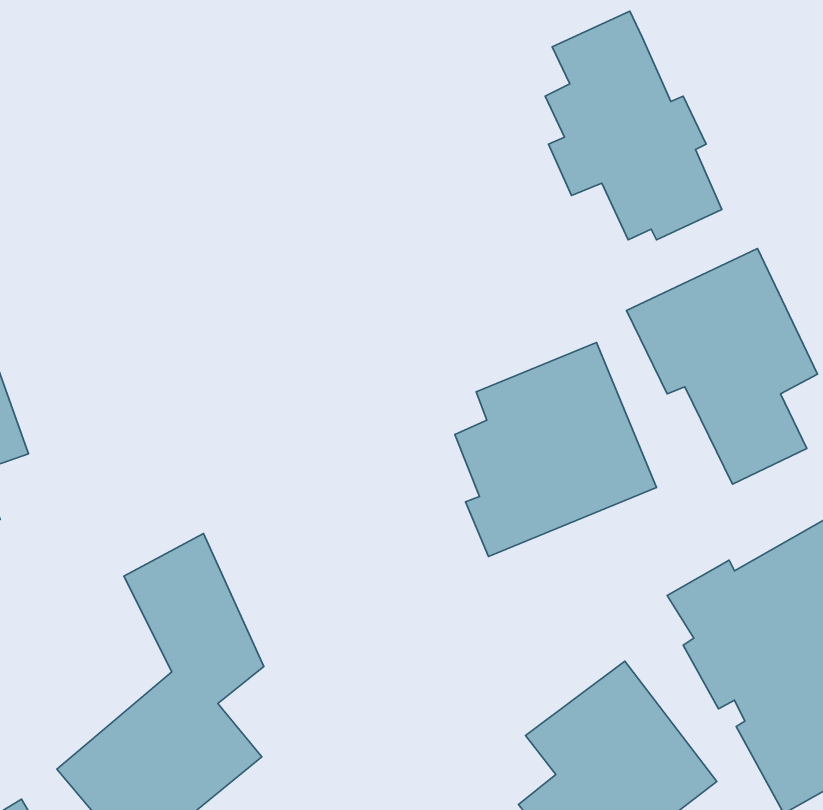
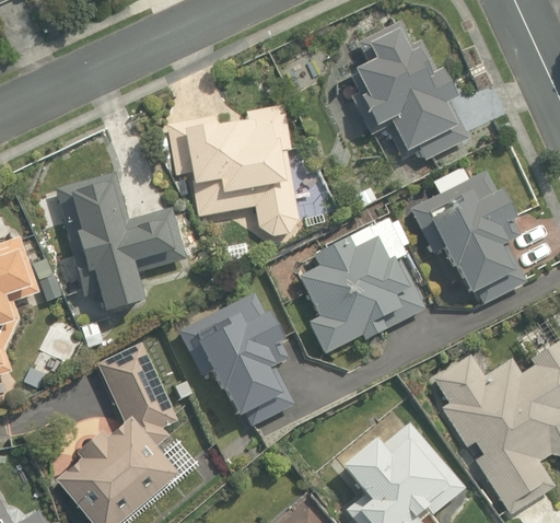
building: none -> [170,103,304,236]
building: none -> [56,175,187,318]
building: none -> [176,276,294,429]

